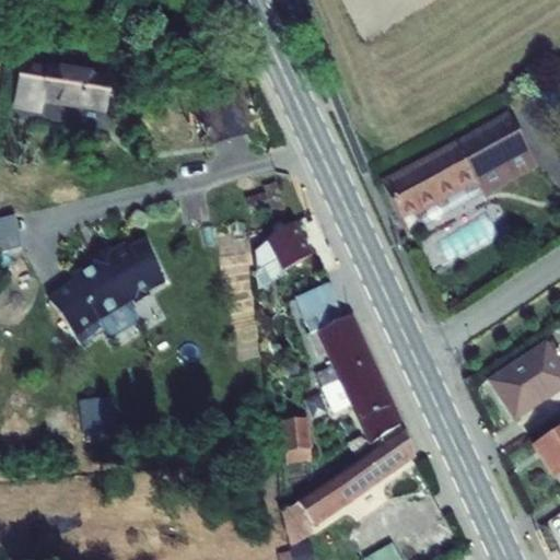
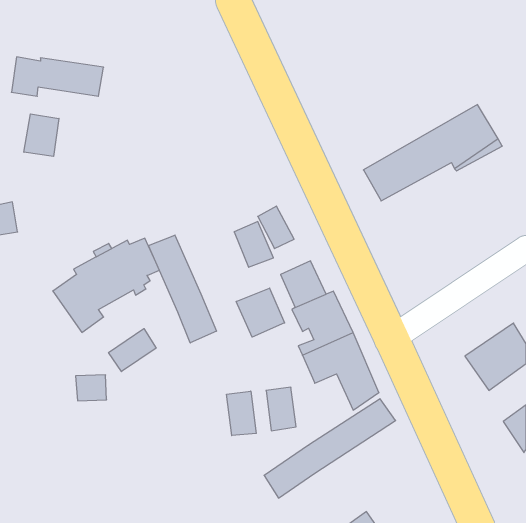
building: none -> [24,114,59,156]
building: none -> [149,235,216,343]
building: none -> [236,288,285,337]
building: none -> [109,329,156,372]
building: none -> [227,391,256,436]

